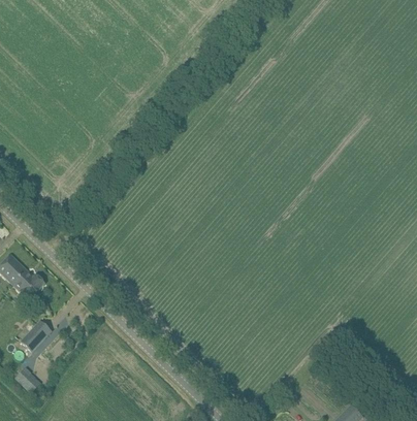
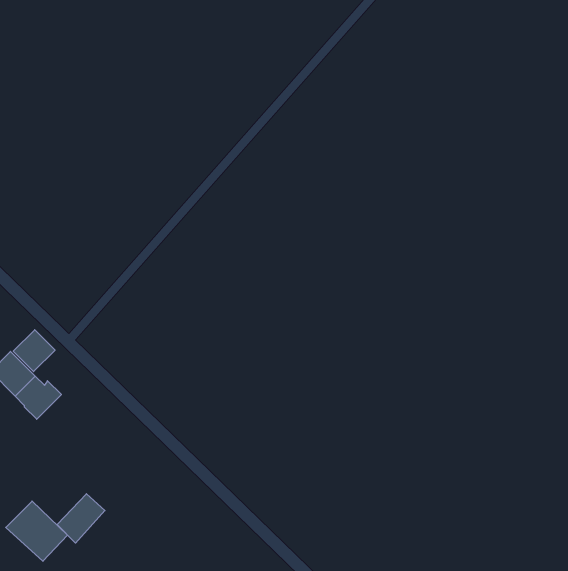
building: none -> [13,330,55,372]
building: [21,319,53,352] -> [57,494,105,543]

